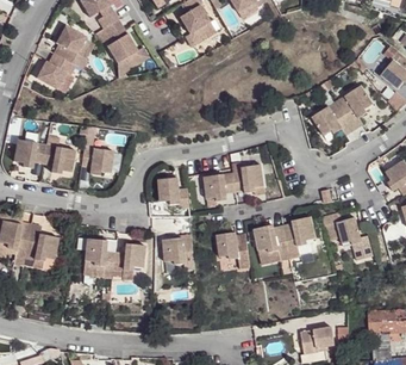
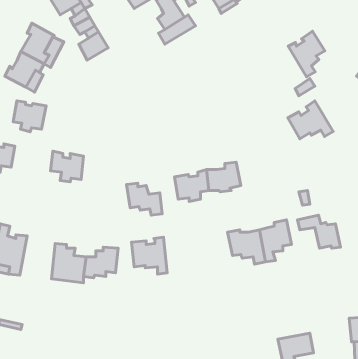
building: [115,44,151,78] -> none
building: [336,86,371,130] -> [288,31,325,77]
building: [42,144,74,174] -> [13,101,46,132]
building: [212,233,249,268] -> none

